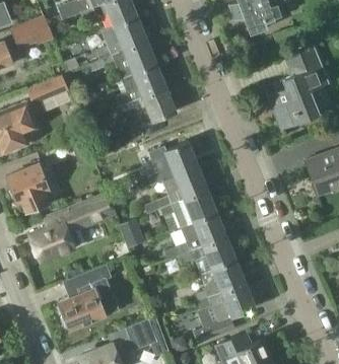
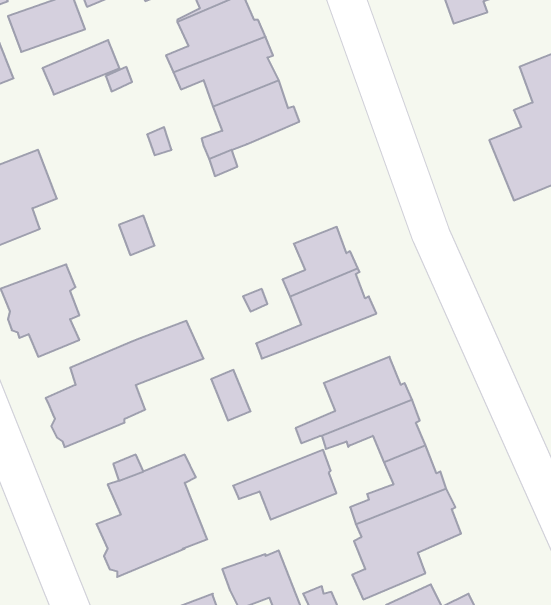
building: [26,75,68,104] -> [42,40,120,95]
building: [139,86,177,123] -> none
building: [160,190,216,227] -> [233,450,336,520]

